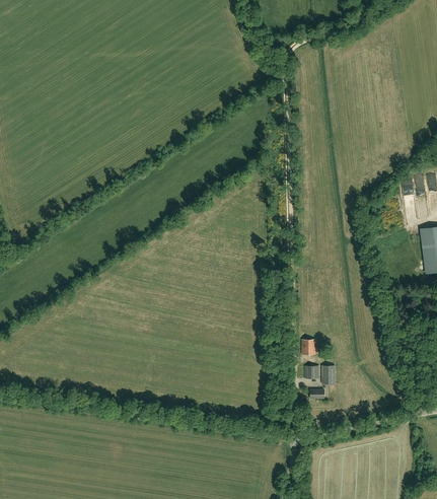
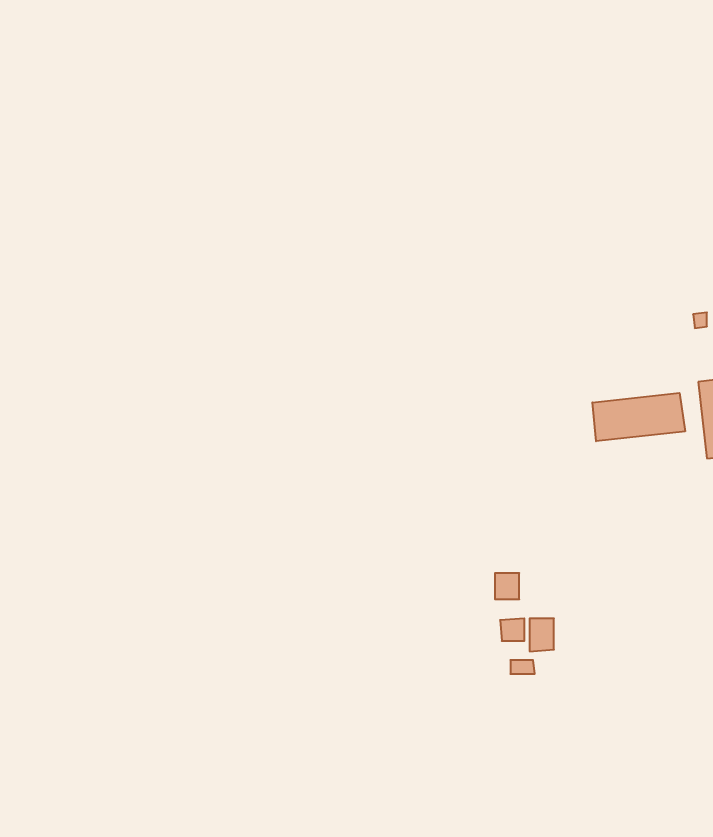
building: none -> [592,393,685,441]

